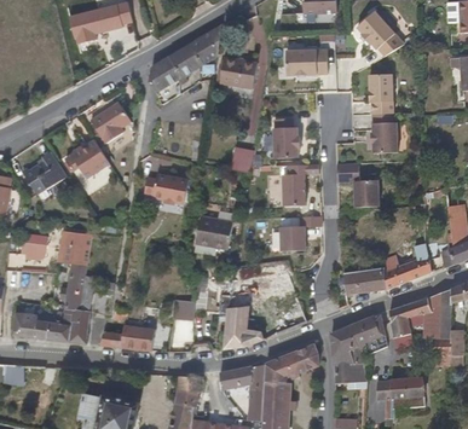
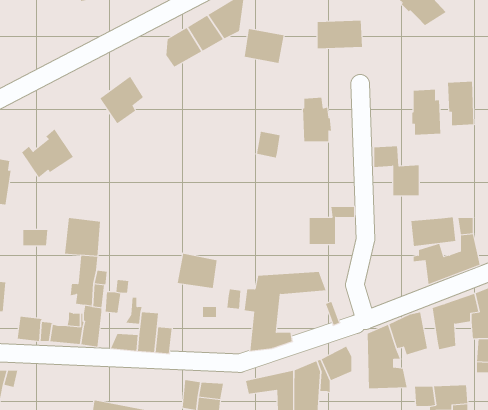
building: [369,74,393,114] -> [447,81,474,126]
building: [68,139,110,175] -> none
building: [282,166,318,208] -> none
building: [145,179,187,204] -> none
building: [196,219,232,250] -> [177,253,217,288]
building: [345,266,386,292] -> [410,217,456,246]

